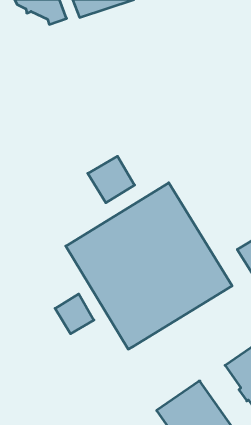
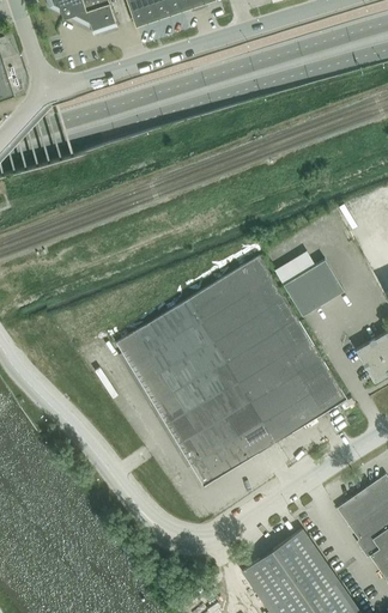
building: [88,156,135,203] -> none
building: none -> [283,259,344,316]
building: [55,294,94,334] -> none

